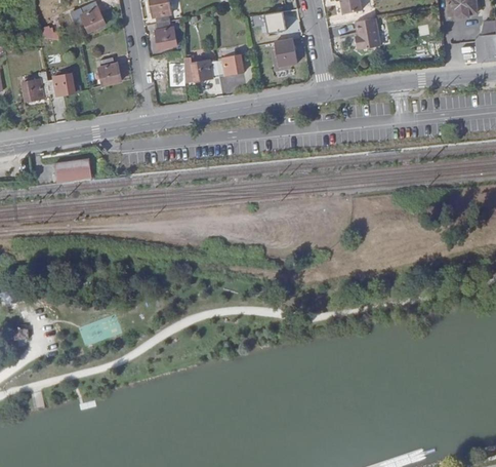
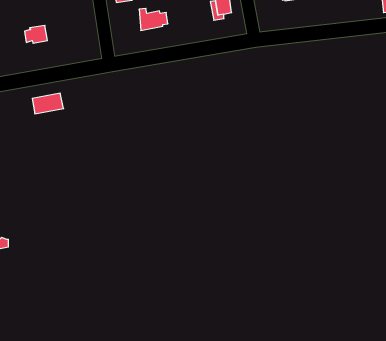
building: [217,53,243,75] -> none
building: [97,59,120,85] -> none
building: [23,81,48,104] -> none

